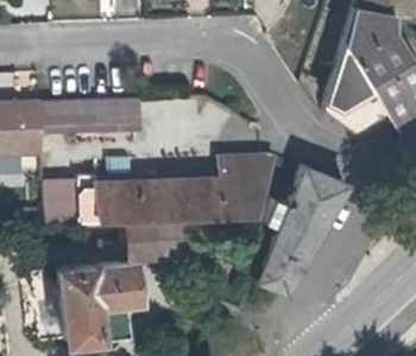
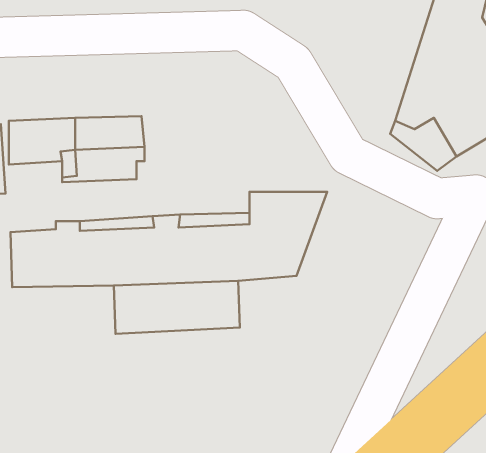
building: [257,165,348,292] -> none
building: [58,261,134,338] -> none

